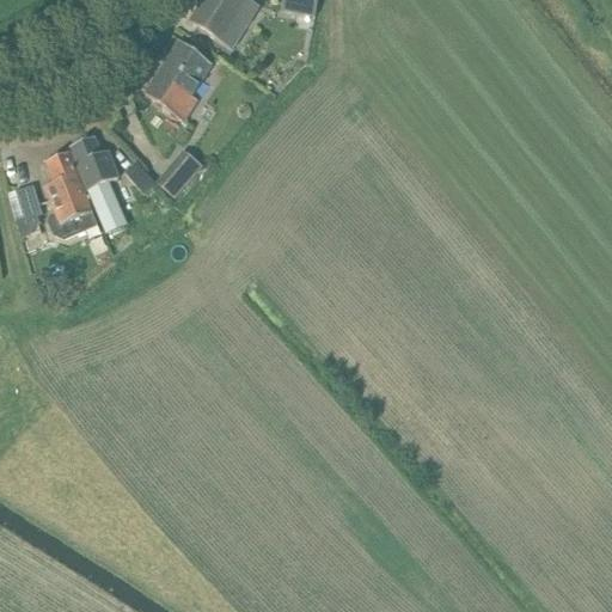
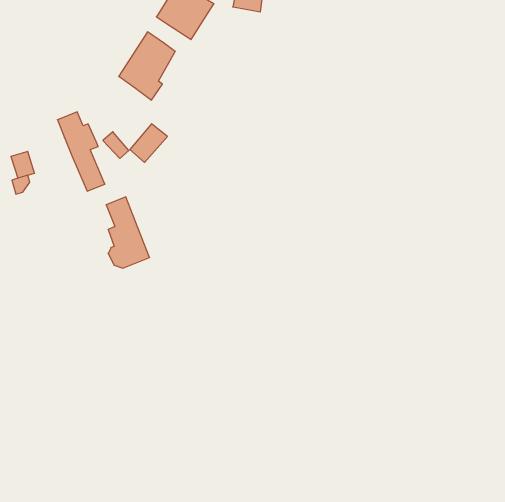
building: [44,151,97,237] -> [106,197,150,268]

